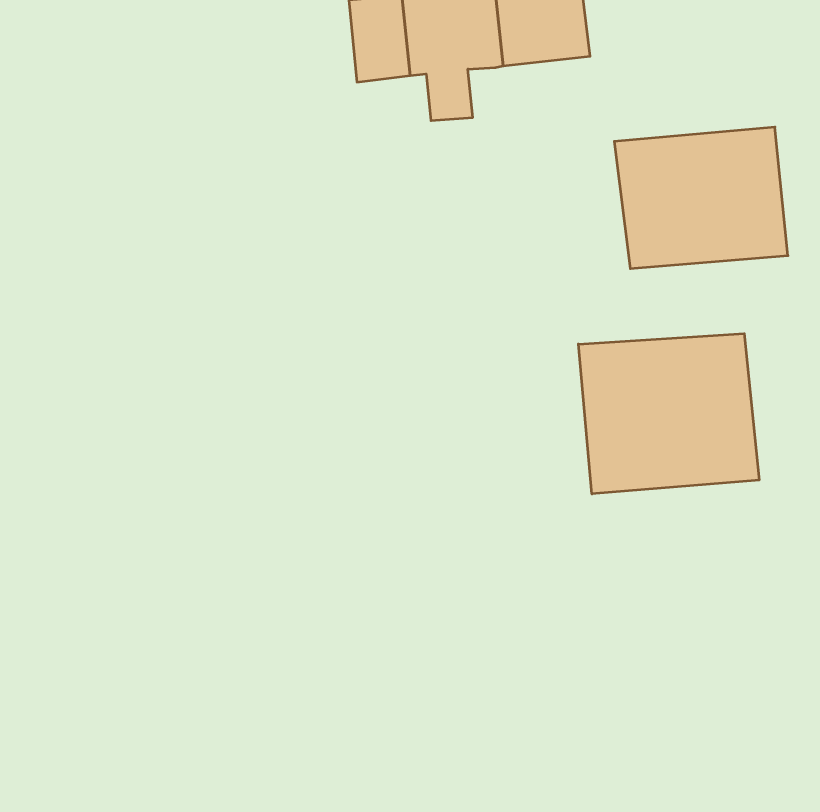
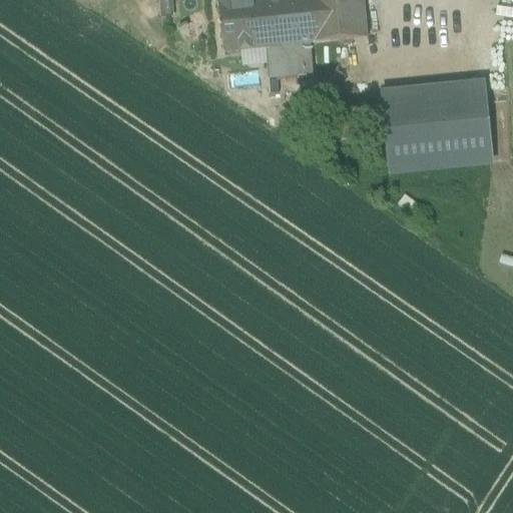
building: none -> [293,42,313,73]
building: [578,334,759,494] -> none

